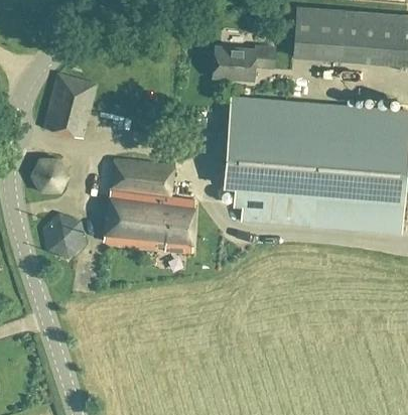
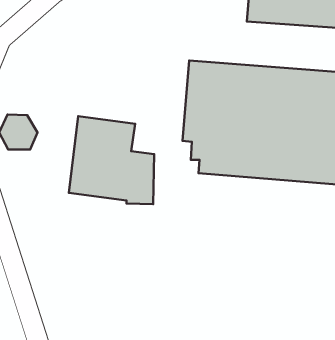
building: [213,45,274,81] -> none
building: [43,72,97,137] -> none
building: [40,214,86,259] -> none

